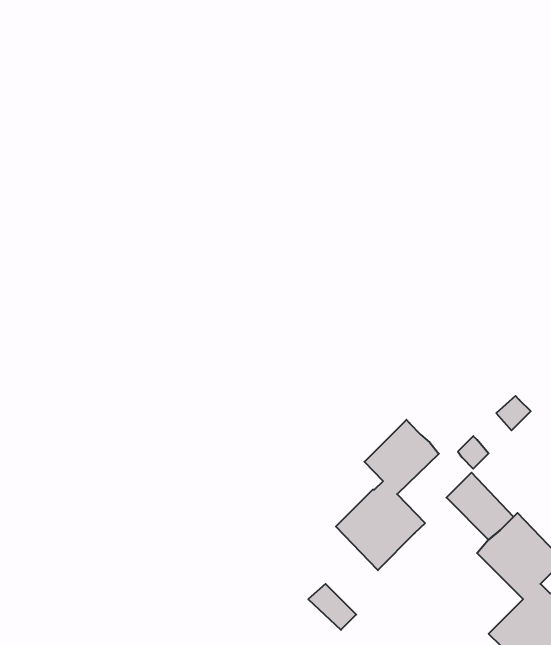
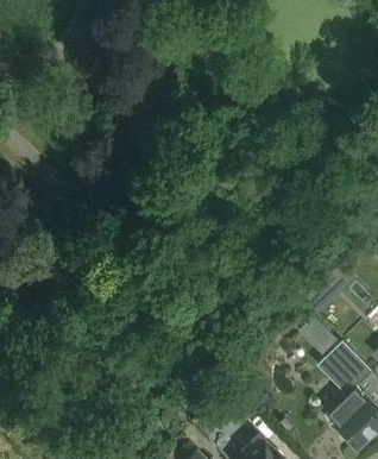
building: [336,420,439,570] -> none

